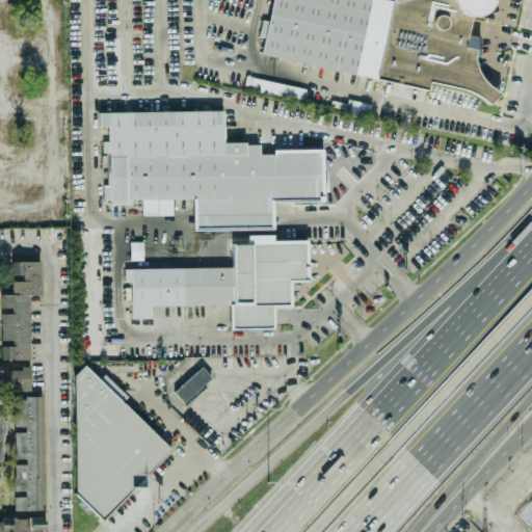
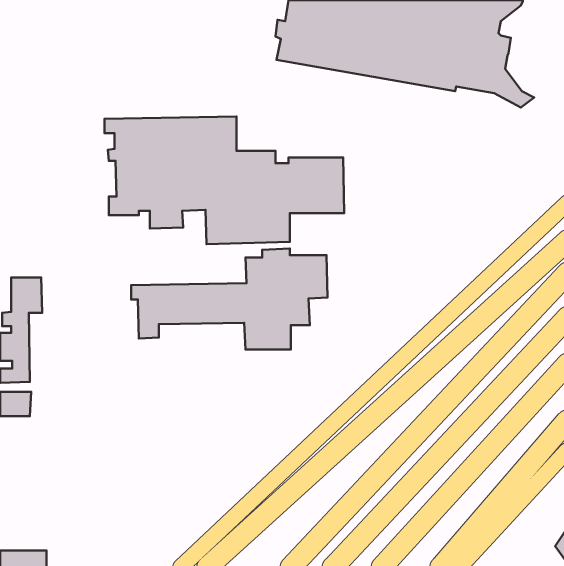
building: [75,365,172,520] -> none
building: [176,366,213,402] -> none
building: [16,396,45,510] -> none

